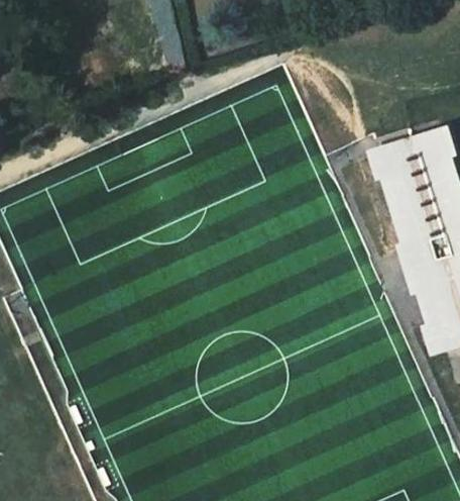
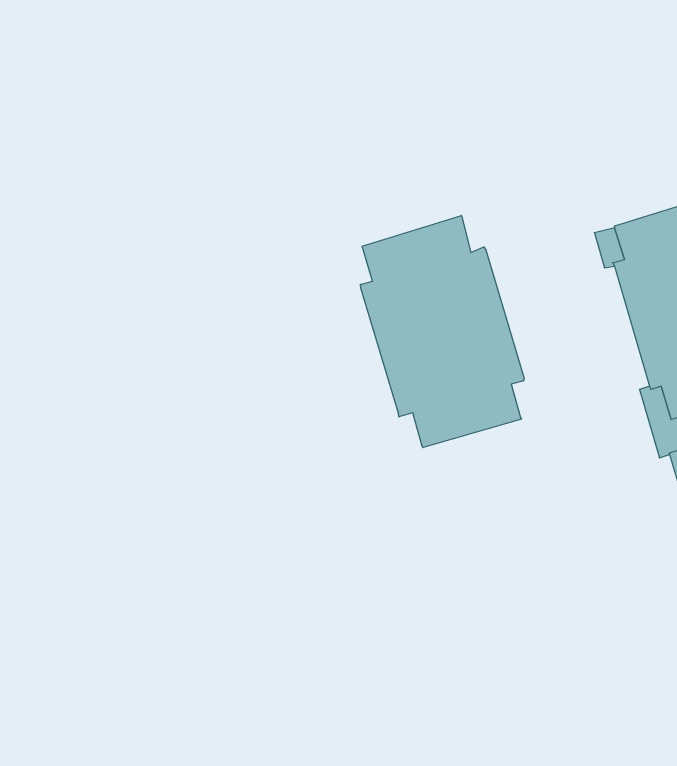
building: none -> [360,215,524,448]

